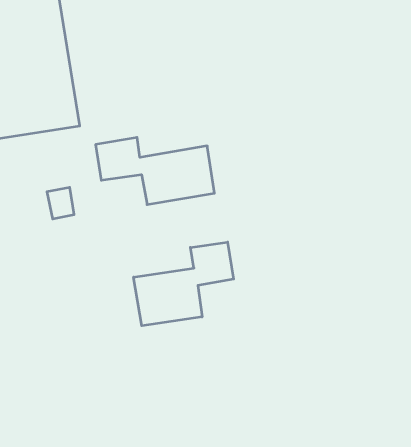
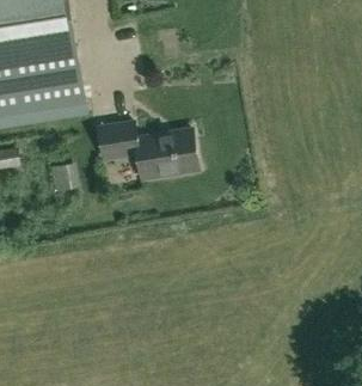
building: [134,242,234,326] -> none

